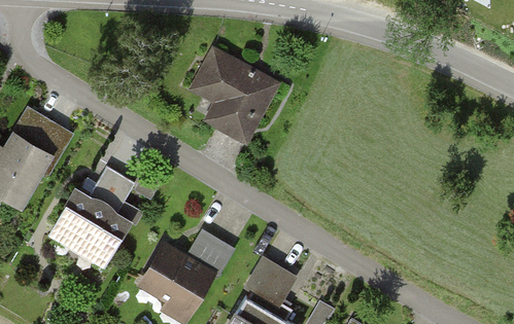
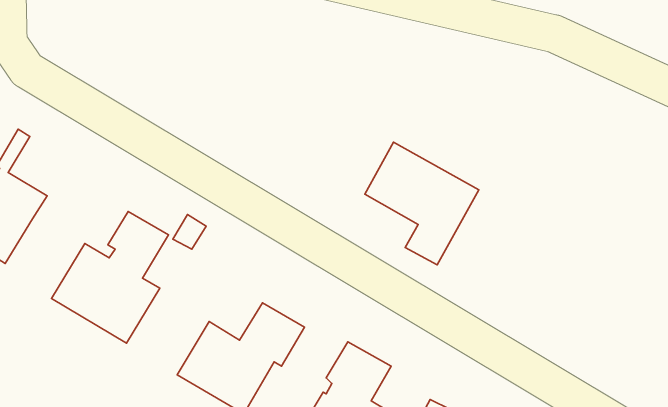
building: [194,52,275,140] -> [365,142,479,265]
building: [21,115,71,179] -> none

